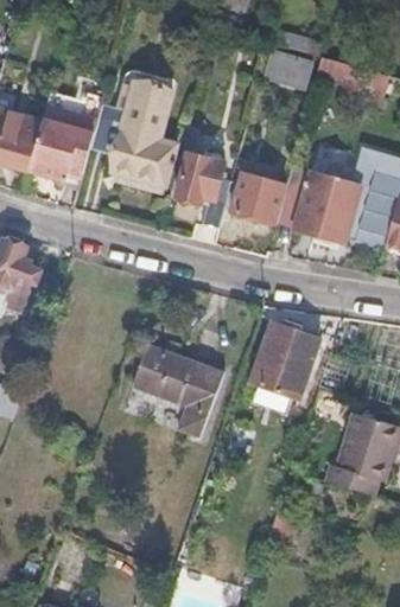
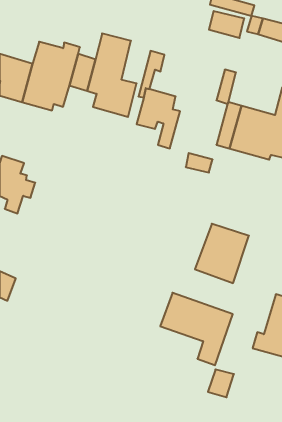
building: [230,173,284,223] -> none
building: [129,346,222,439] -> [160,293,233,365]

